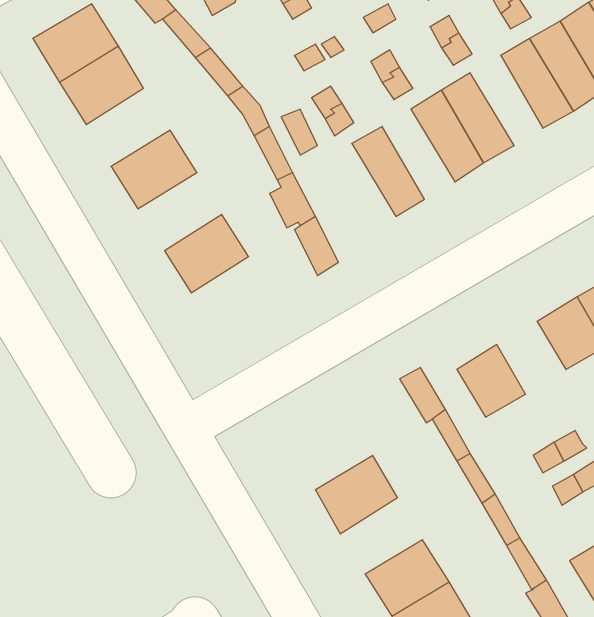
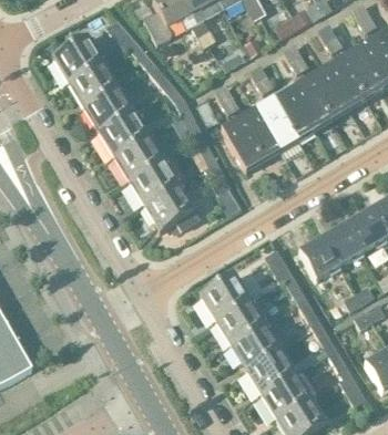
building: none -> [306,68,348,120]
building: none -> [83,86,132,132]
building: none -> [255,99,297,151]
building: none -> [221,118,263,172]
building: none -> [113,135,162,180]
building: none -> [144,184,197,229]
building: none -> [321,221,361,263]
building: none -> [201,273,249,319]
building: none -> [231,323,278,367]

